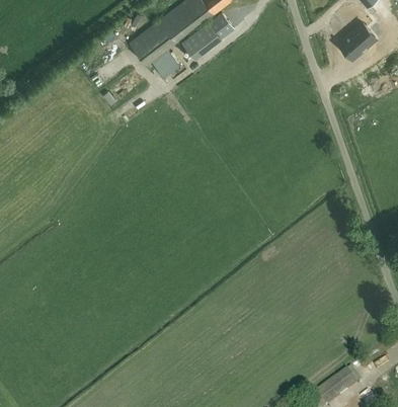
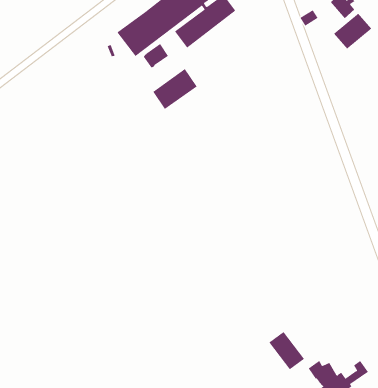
building: none -> [152,68,198,110]
building: none -> [268,331,305,370]

